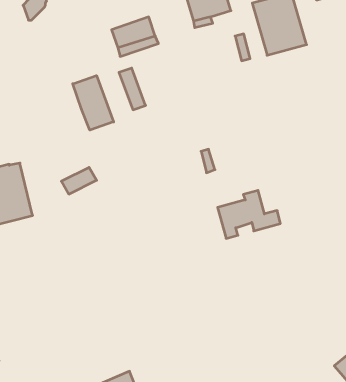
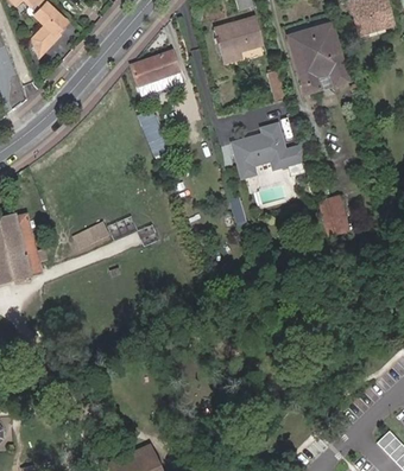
building: [73,76,114,130] -> none
building: none -> [317,196,347,235]
building: [218,190,280,238] -> [232,123,302,177]

